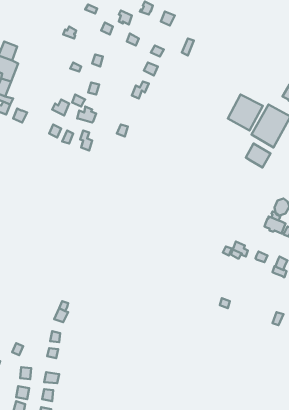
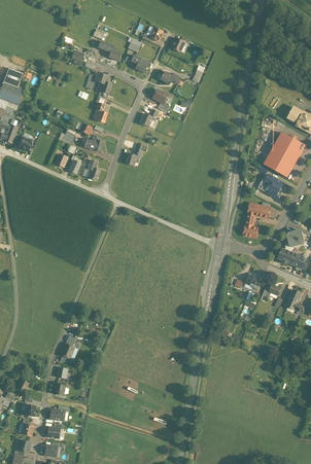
building: [228,94,263,130] -> none
building: none -> [244,204,271,238]

